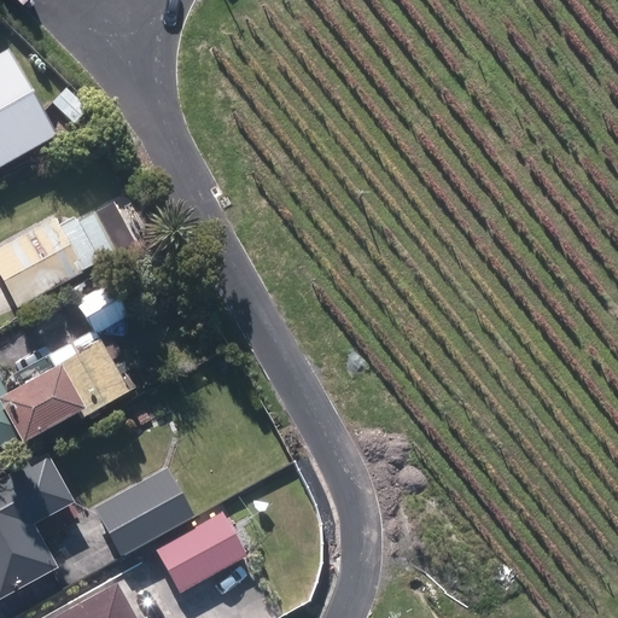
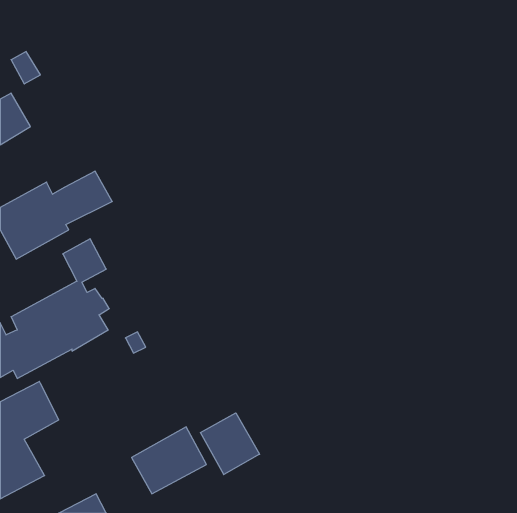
building: [62,466,194,565] -> none
building: none -> [200,413,260,475]

